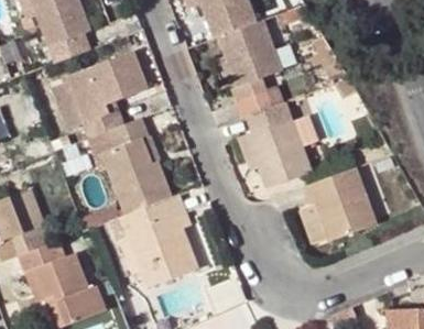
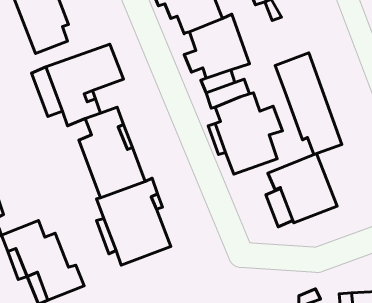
building: none -> [275,53,342,154]

